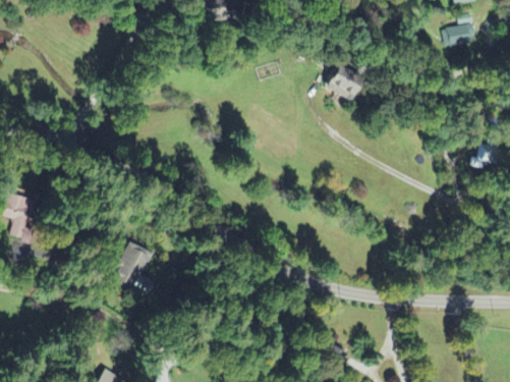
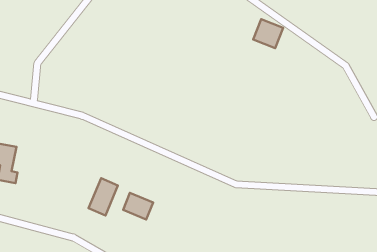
building: none -> [123,193,153,220]

